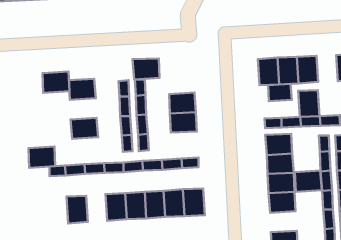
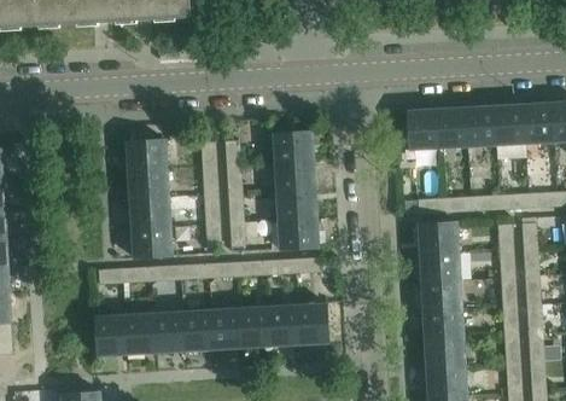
building: [133,58,160,80] -> [273,132,313,163]
building: [43,72,69,93] -> [128,169,168,200]
building: [268,84,292,101] -> none
building: [298,90,319,117] -> [494,105,525,145]
building: none -> [278,219,317,250]
building: [28,147,55,168] -> [132,227,171,258]
building: [295,171,322,192] -> [425,337,465,368]
building: none -> [152,312,183,353]
building: none -> [94,315,126,356]

